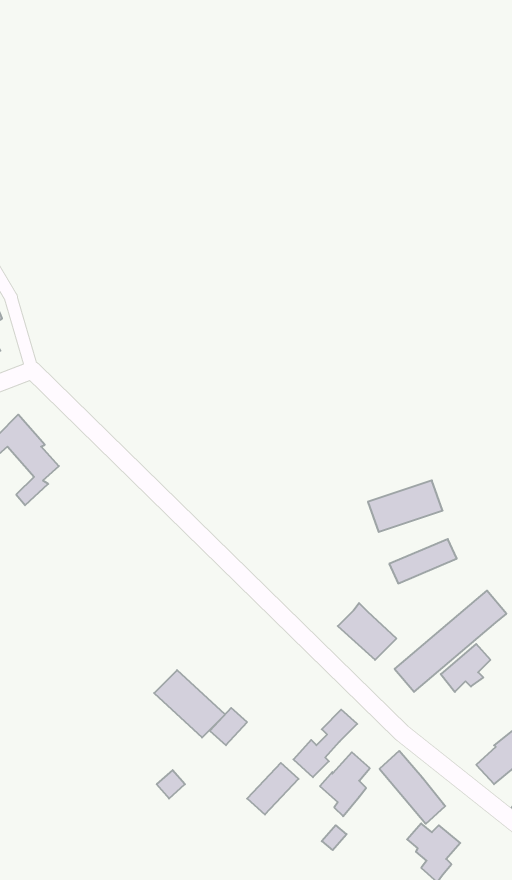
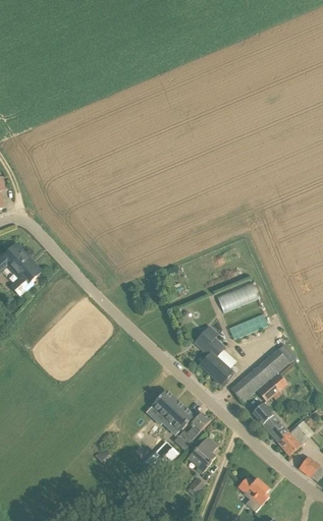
building: none -> [194,326,224,356]
building: [154,670,225,738] -> [148,395,189,433]
building: [380,751,445,824] -> [252,402,289,444]

